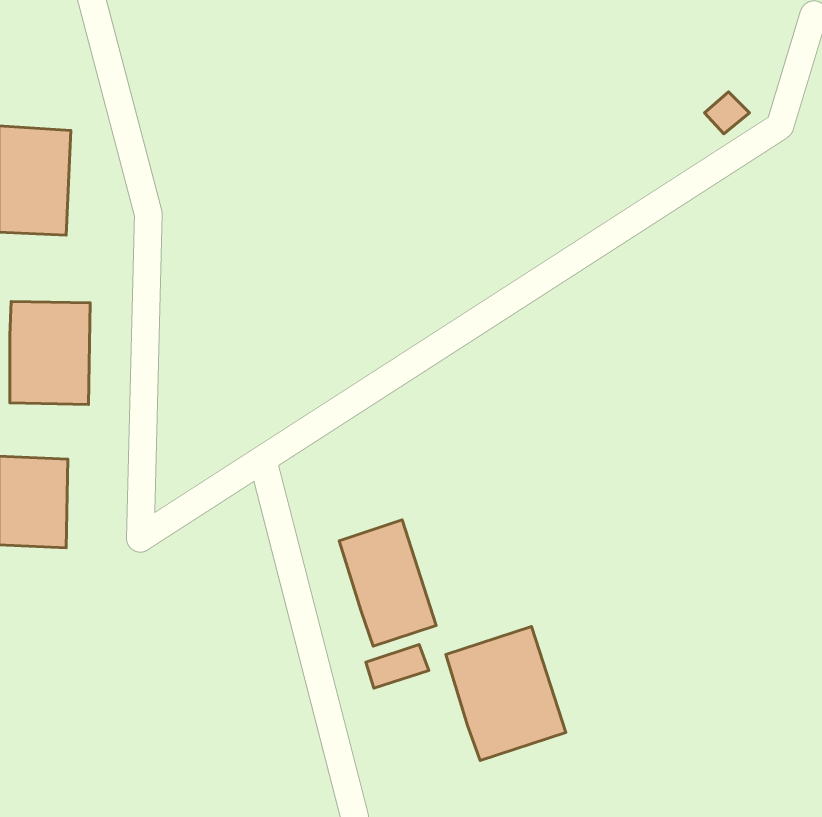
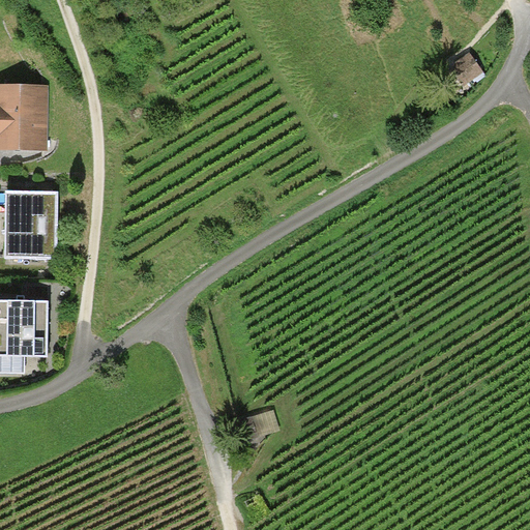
building: [339,520,436,646] -> none
building: [446,626,566,761] -> none

